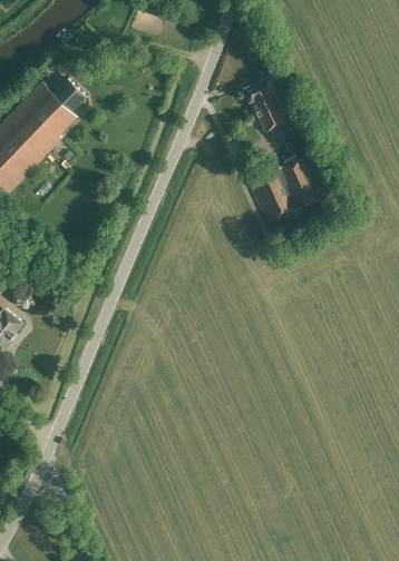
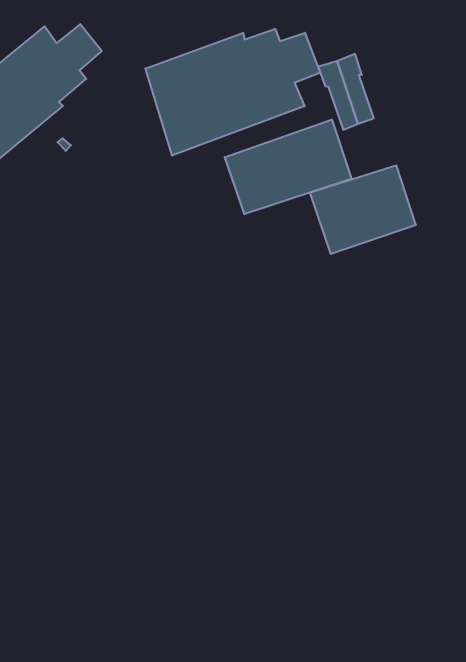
building: none -> [145,29,320,156]
building: none -> [225,120,351,214]

